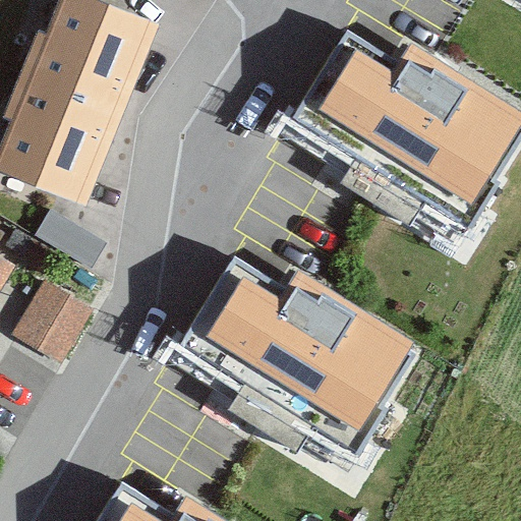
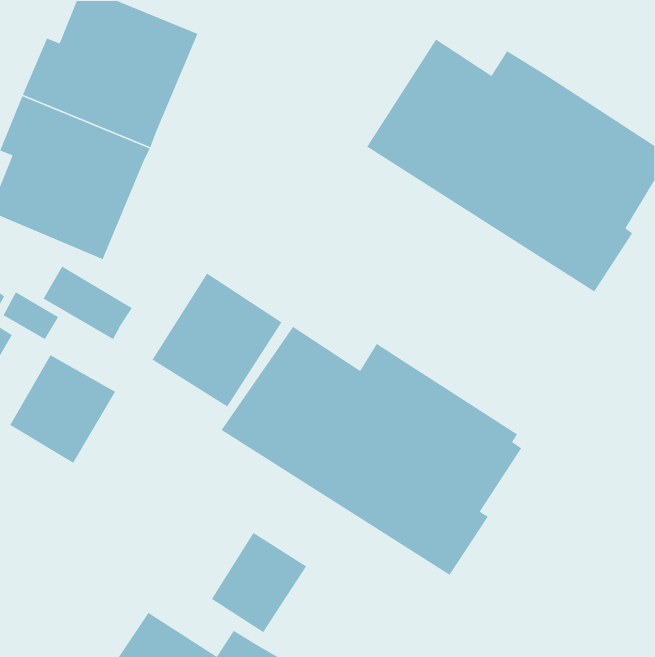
building: none -> [151,273,282,407]
building: none -> [211,532,307,633]

